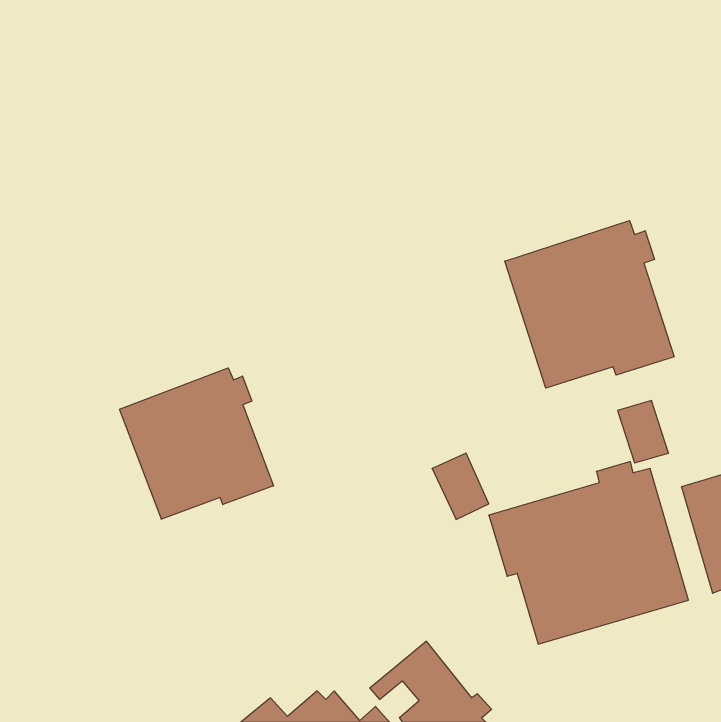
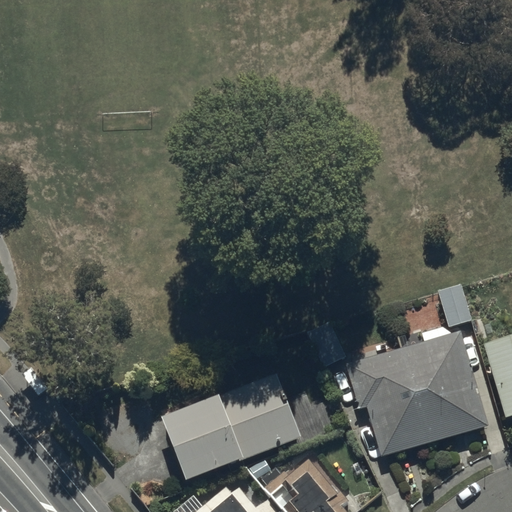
building: [505,221,674,388] -> none
building: [120,368,273,519] -> none
building: none -> [162,374,302,480]

